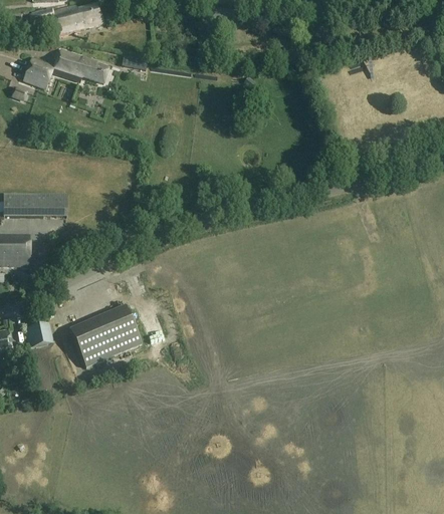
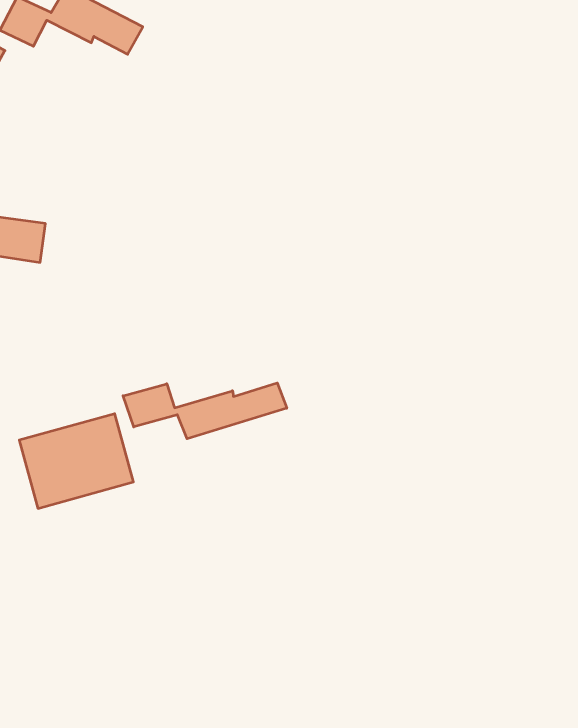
building: none -> [123,383,287,439]

